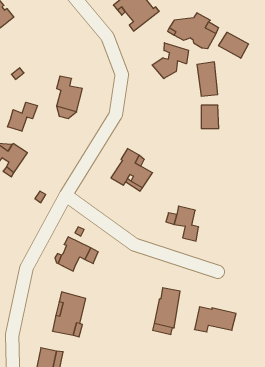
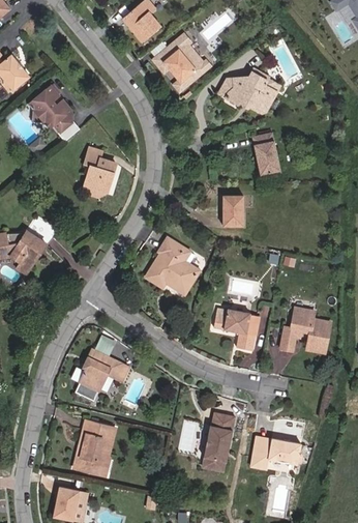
building: none -> [28,85,66,132]
building: [219,32,249,58] -> none
building: [152,43,189,79] -> none
building: [8,102,37,131] -> none
building: [201,105,219,129] -> [220,196,242,225]
building: none -> [281,307,331,352]

